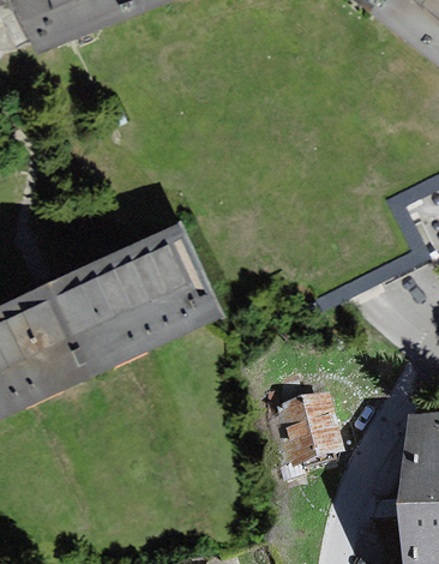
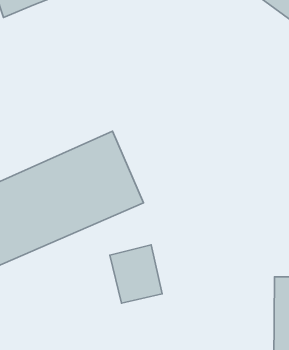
building: [264,392,338,475] -> [110,245,162,303]

